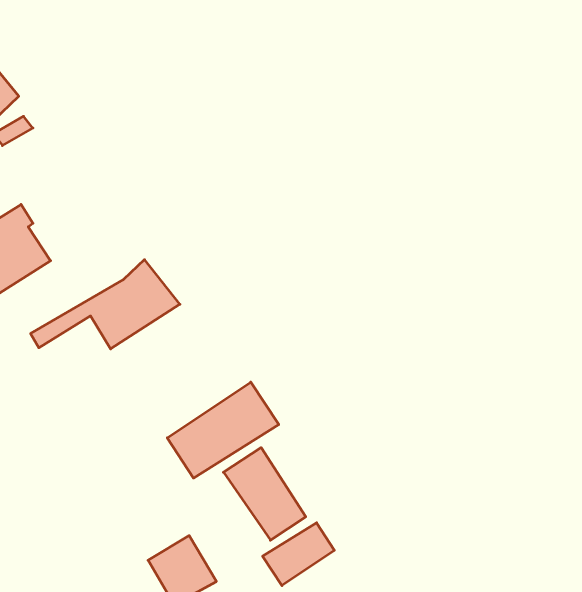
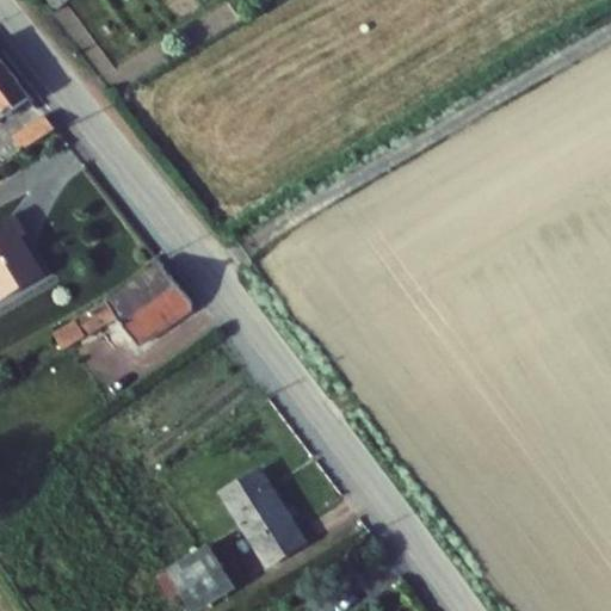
building: [167,382,279,478] -> none
building: [263,523,334,586] -> none

